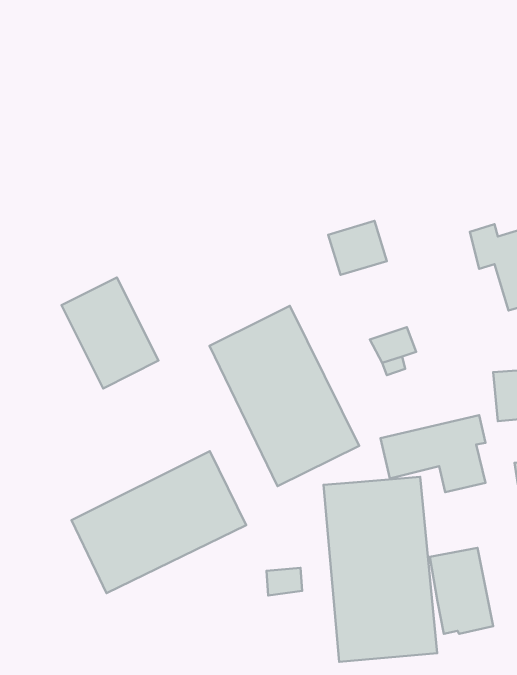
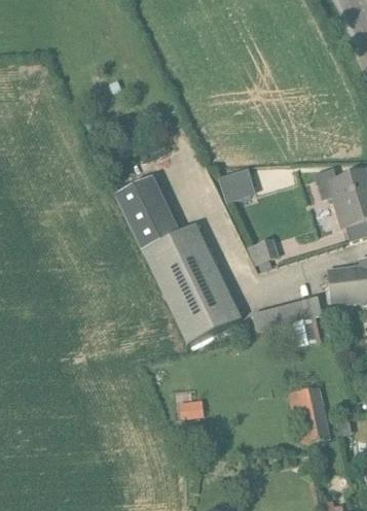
building: [61,277,159,388] -> [114,175,179,249]
building: [71,451,246,593] -> none
building: [324,477,437,662] -> none

